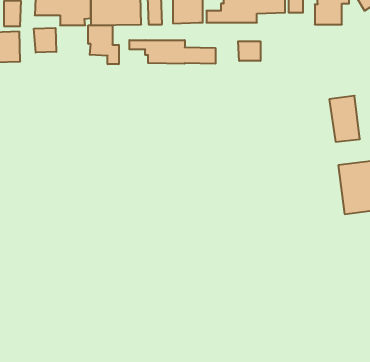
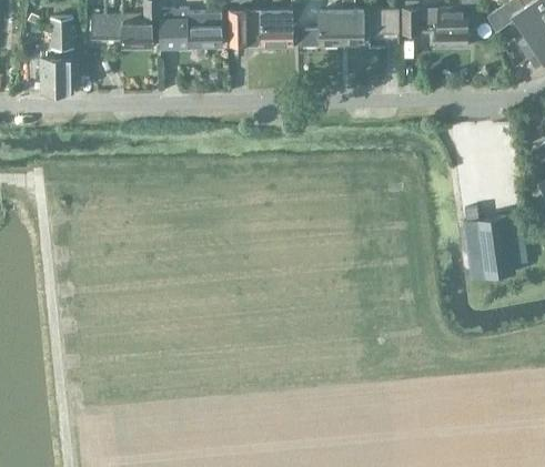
building: [88,25,119,64] -> none
building: [34,28,56,53] -> none
building: [129,40,215,64] -> none
building: [238,41,260,61] -> none

